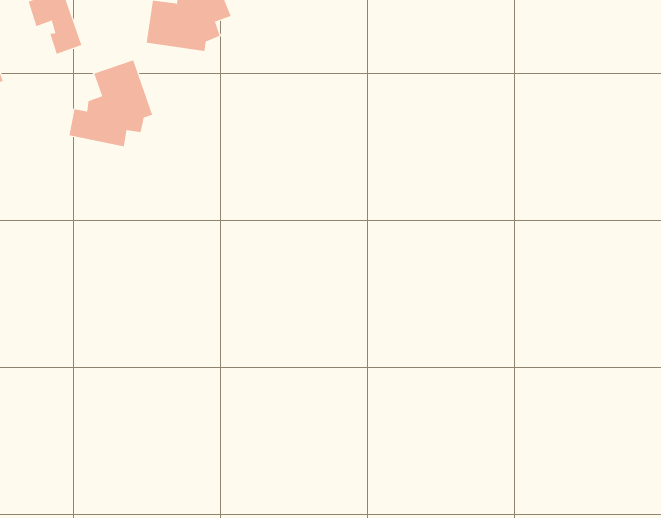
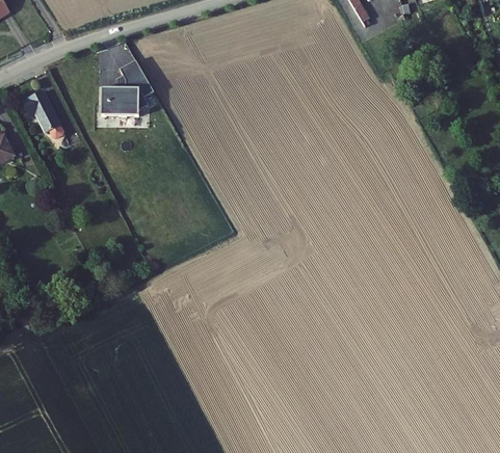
building: [69,59,153,147] -> none

